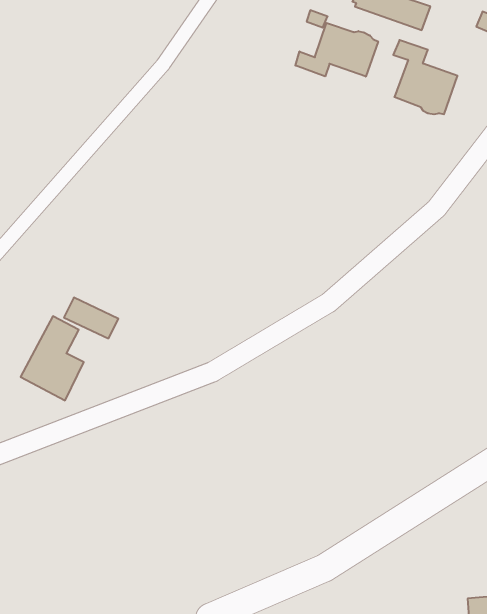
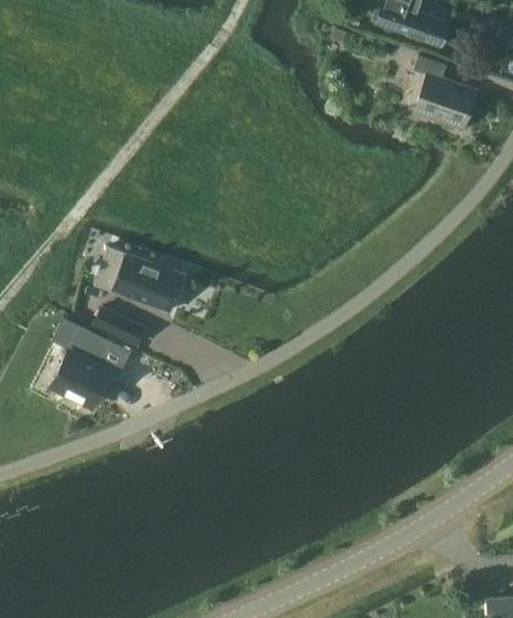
building: [295,23,378,77] -> none
building: none -> [94,246,183,311]

